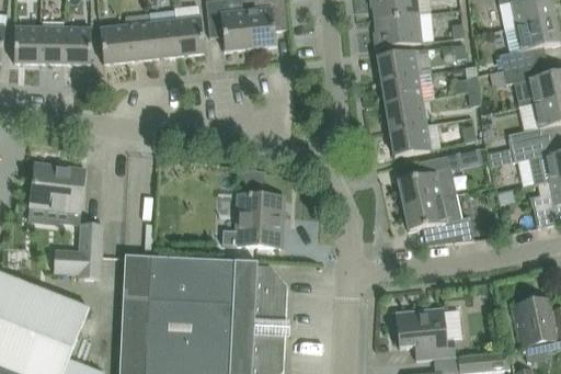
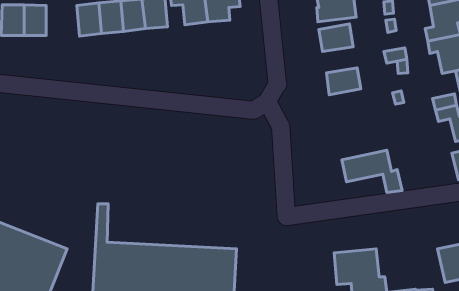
building: [66,29,92,64] -> none
building: [382,76,422,105] -> none
building: [390,124,430,156] -> none
building: [399,154,459,205] -> none
building: [30,162,87,214] -> none
building: [222,169,284,247] -> none
building: [54,224,103,279] -> none
building: [136,256,285,307] -> none

